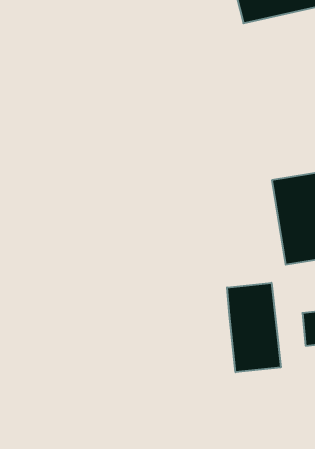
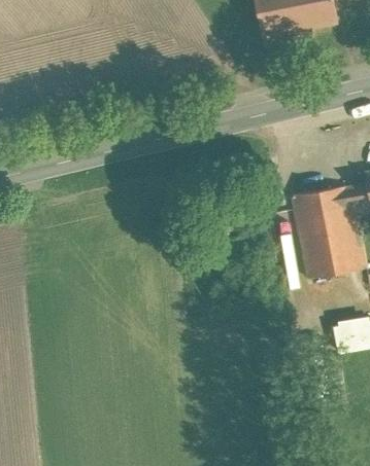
building: [227,283,281,372] -> none

